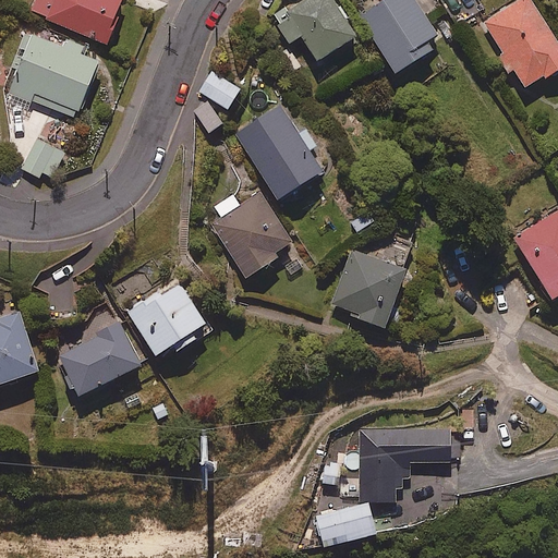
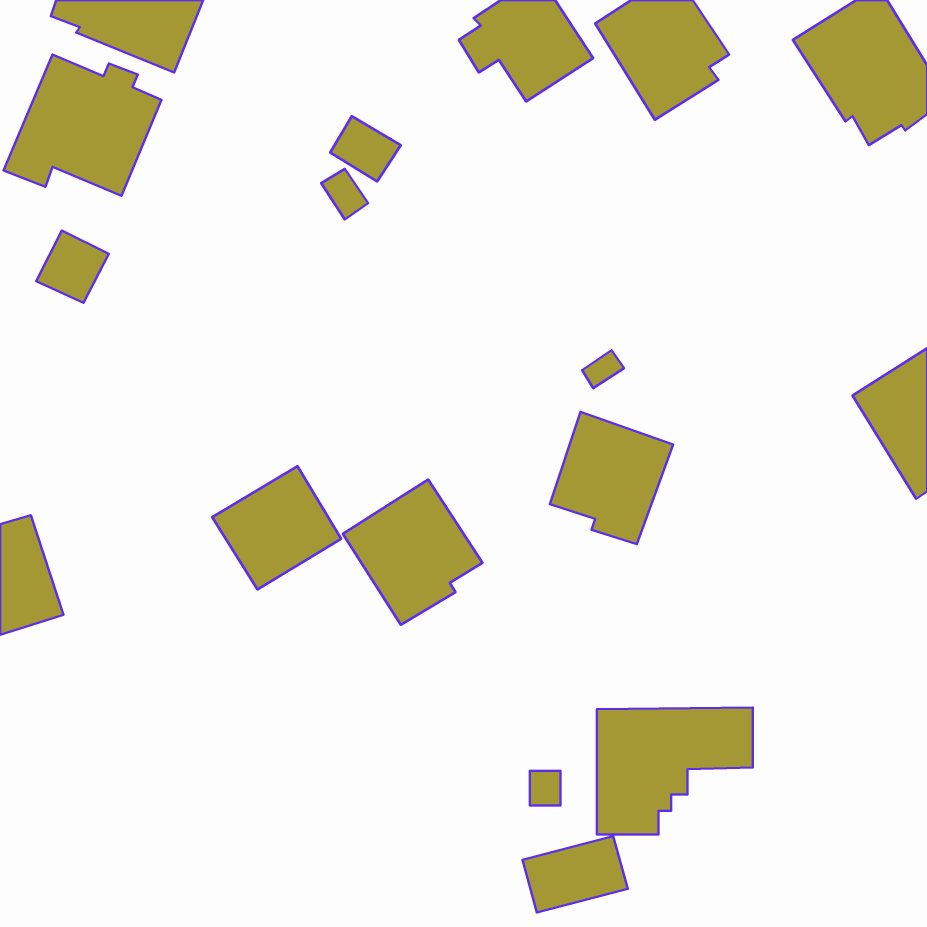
building: [233,105,322,199] -> none
building: [209,190,293,277] -> [343,480,483,625]
building: [58,320,140,395] -> none

